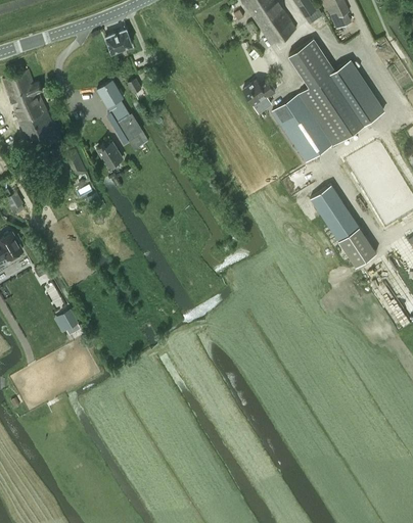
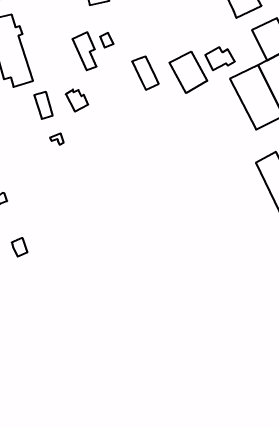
building: none -> [169,52,207,93]
building: [117,114,148,150] -> [132,57,159,90]

